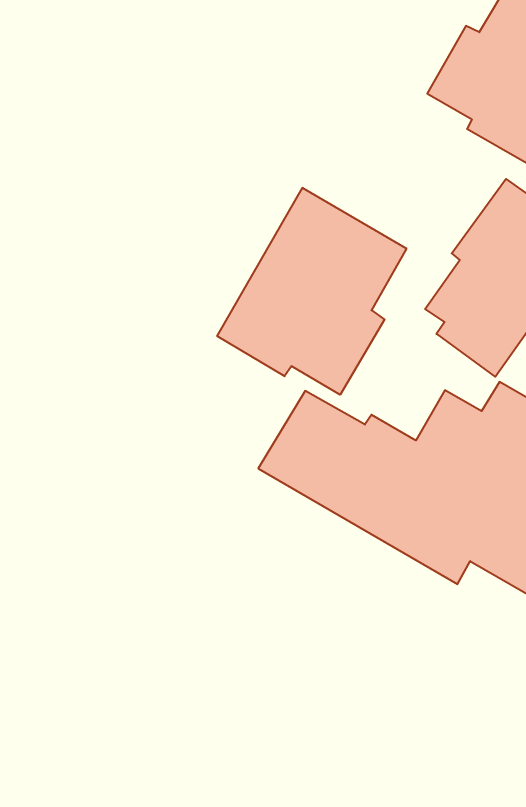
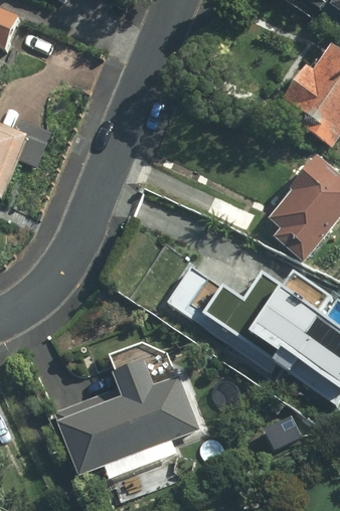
building: [217,188,406,395] -> none
building: none -> [59,355,205,471]

